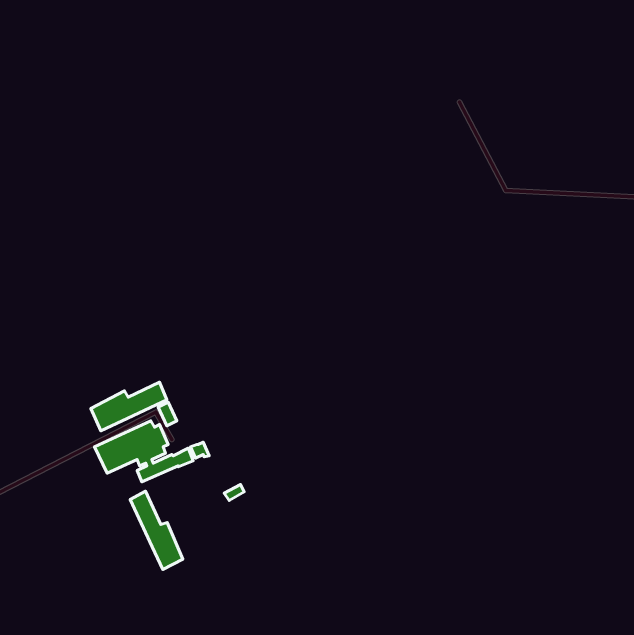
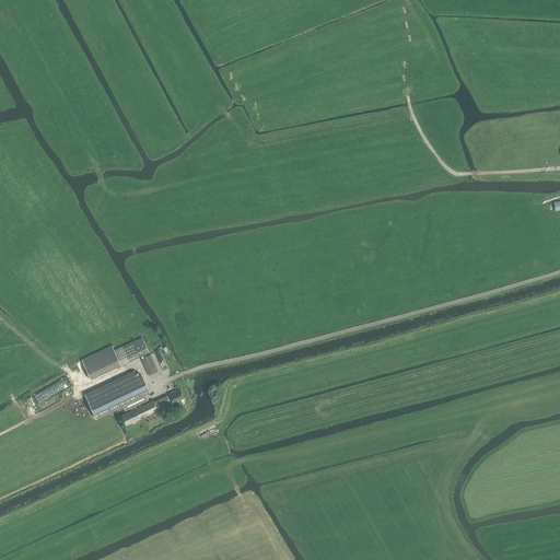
building: [130,491,183,569] -> none

